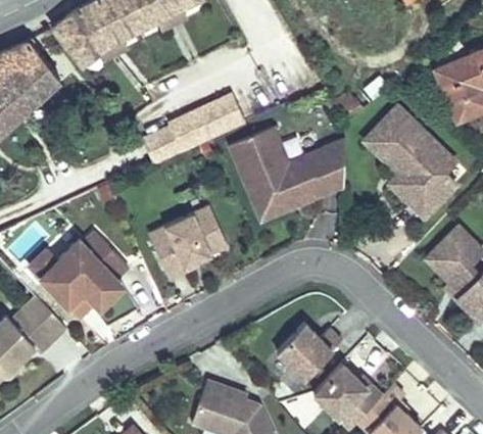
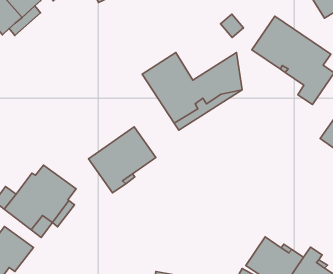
building: [144,94,242,162] -> none
building: [277,323,341,378] -> none

